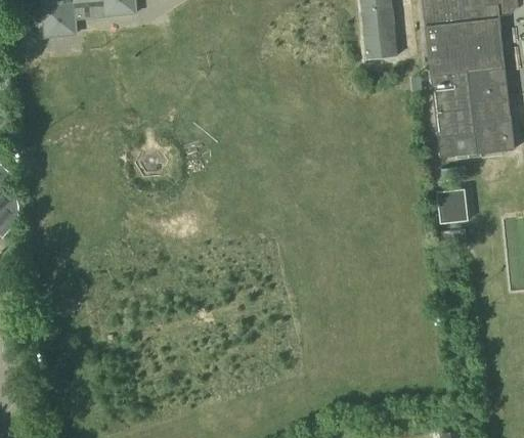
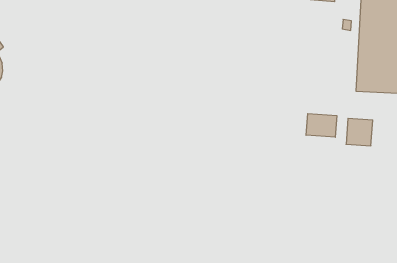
building: none -> [306,114,337,137]

